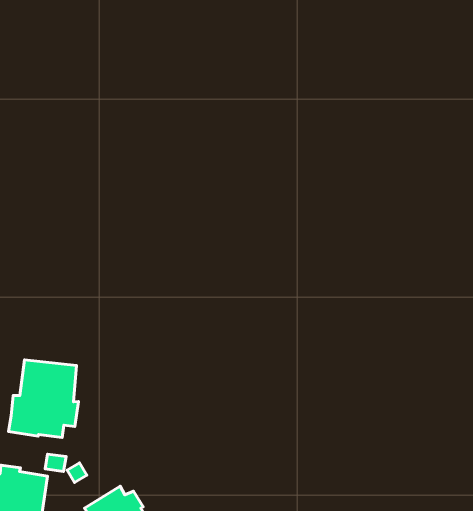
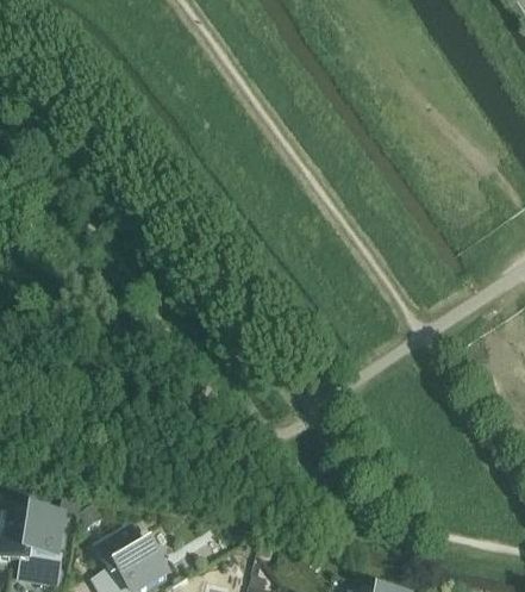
building: [9,360,78,438] -> none

